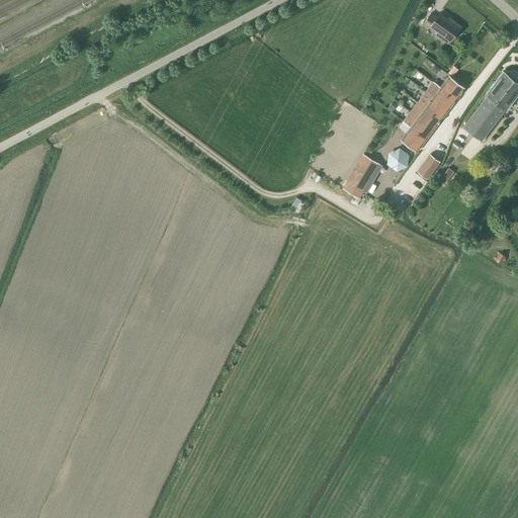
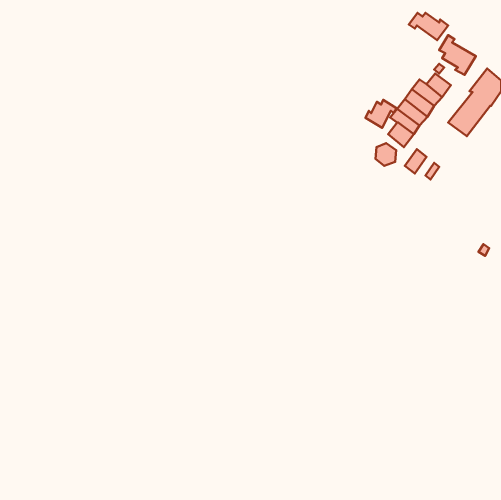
building: none -> [439,35,476,75]
building: none -> [366,100,397,128]
building: [347,156,379,191] -> none

